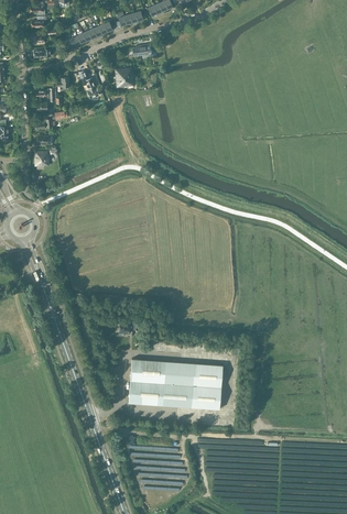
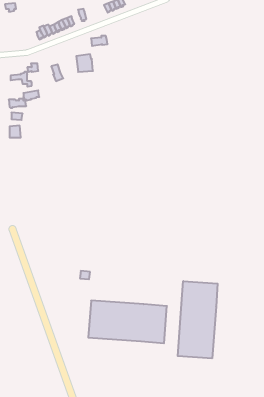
building: none -> [178,281,218,358]

